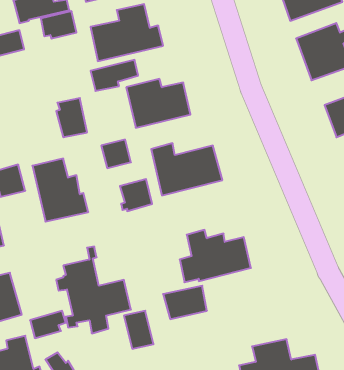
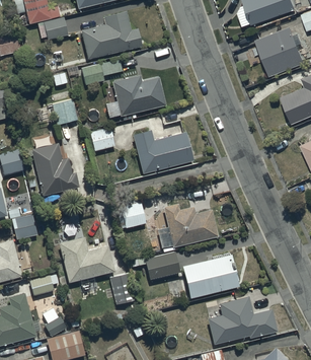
building: [120,179,152,211] -> [120,202,147,229]
building: none -> [9,208,37,240]
building: none -> [181,256,240,298]

